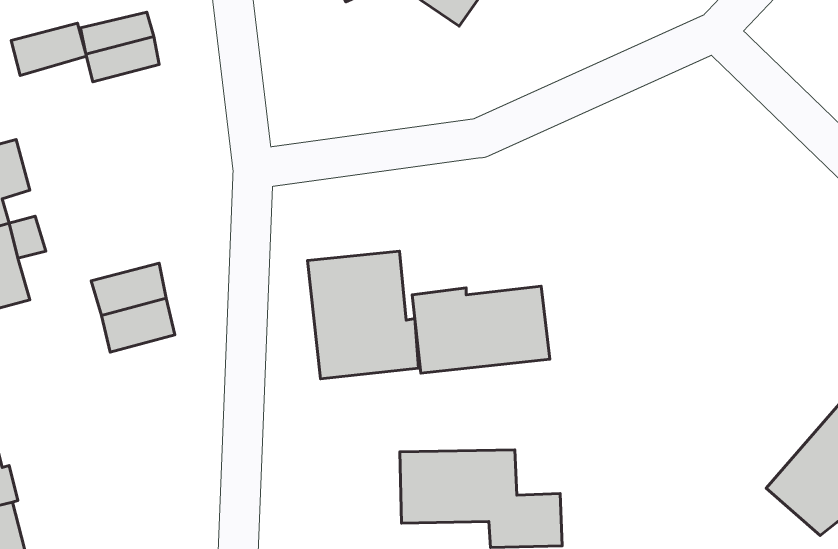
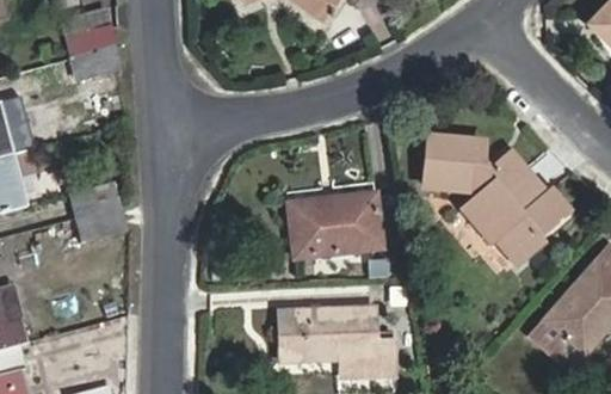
building: [11,23,86,75] -> [70,47,122,82]
building: none -> [424,136,563,269]
building: [308,251,419,379] -> none

